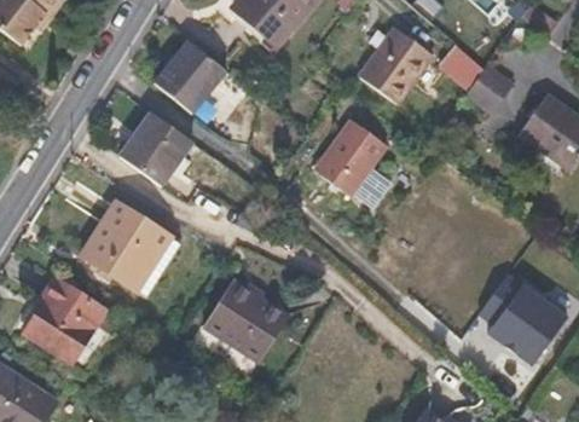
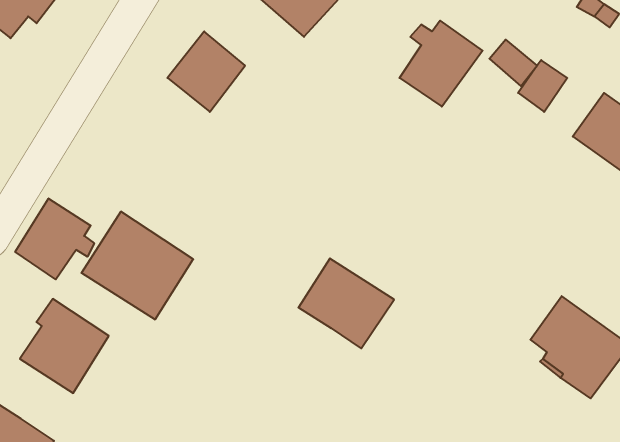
building: [120,109,193,185] -> none
building: [313,120,386,197] -> none
building: none -> [15,198,94,279]
building: [204,278,289,358] -> [298,258,394,348]

